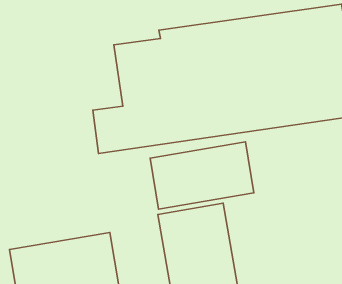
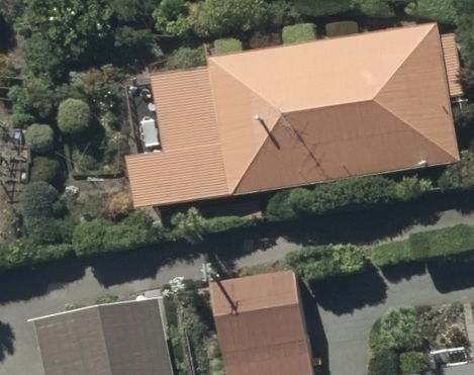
building: [150,142,254,209] -> none

